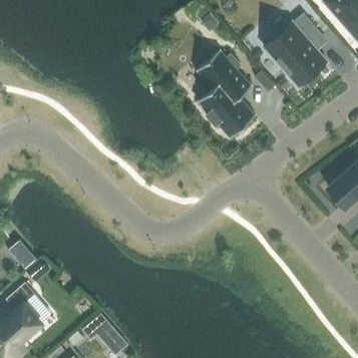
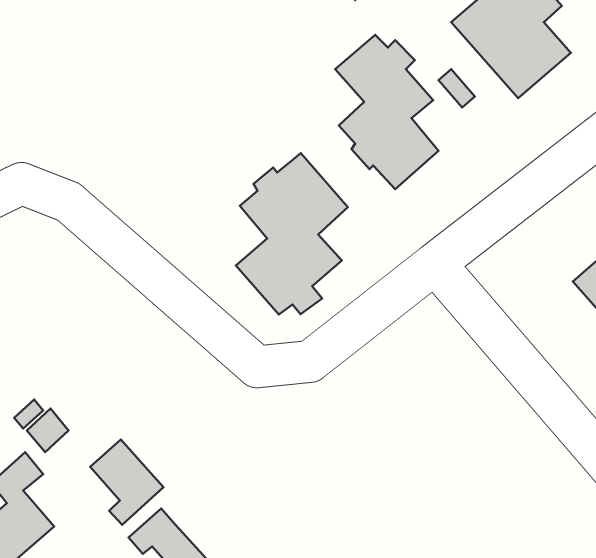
building: none -> [236,153,348,314]
building: none -> [90,440,164,525]

